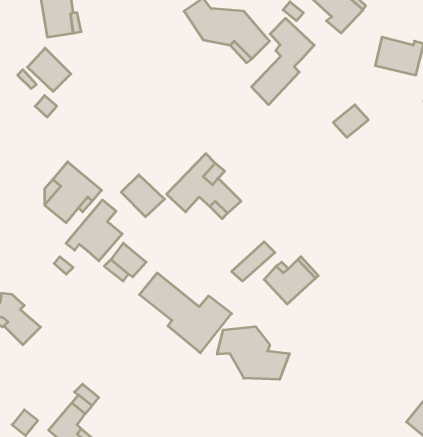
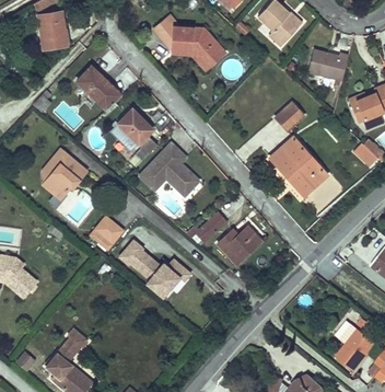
building: [252,18,314,105] -> none
building: [27,48,71,91] -> [77,66,112,101]
building: none -> [269,136,325,194]
building: [121,175,165,217] -> [118,109,153,143]
building: [66,200,122,261] -> none
building: [217,327,290,379] -> none

